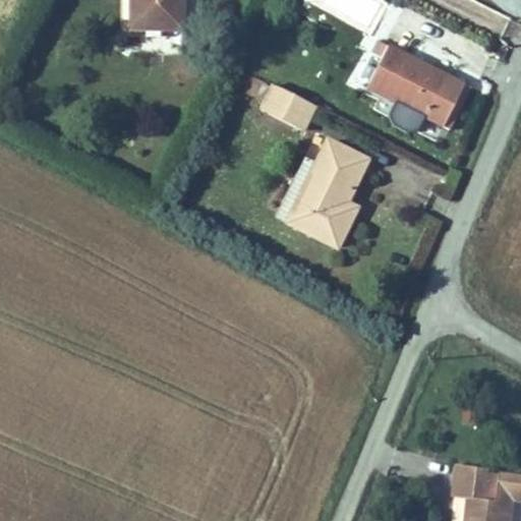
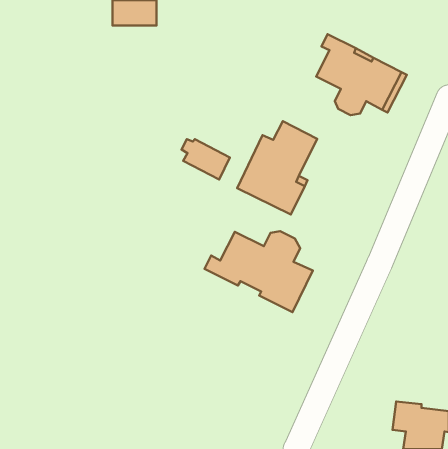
building: [259,84,315,131] -> [181,139,230,179]
building: none -> [204,231,313,312]

